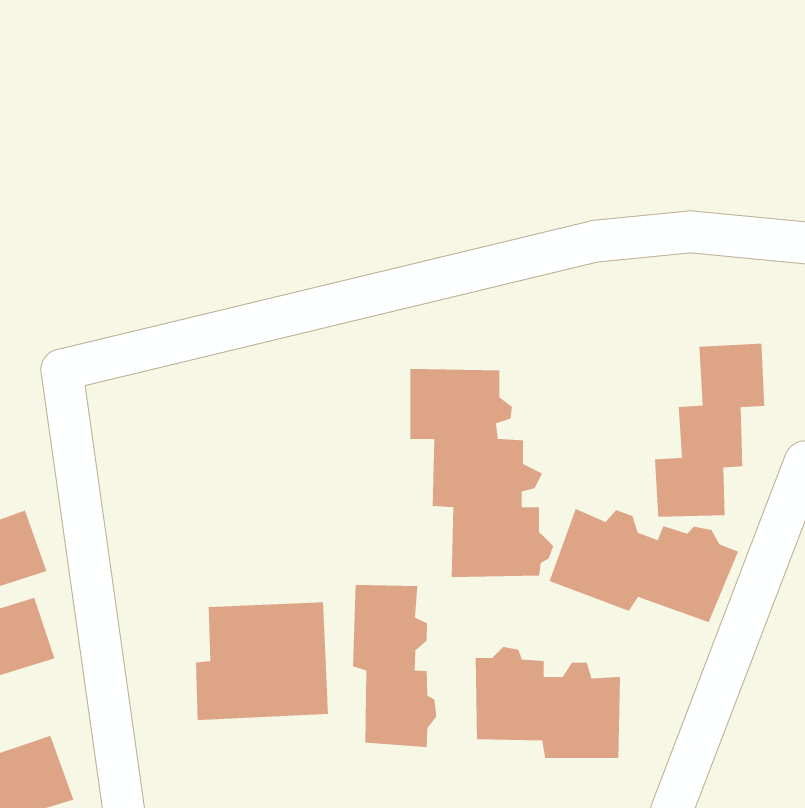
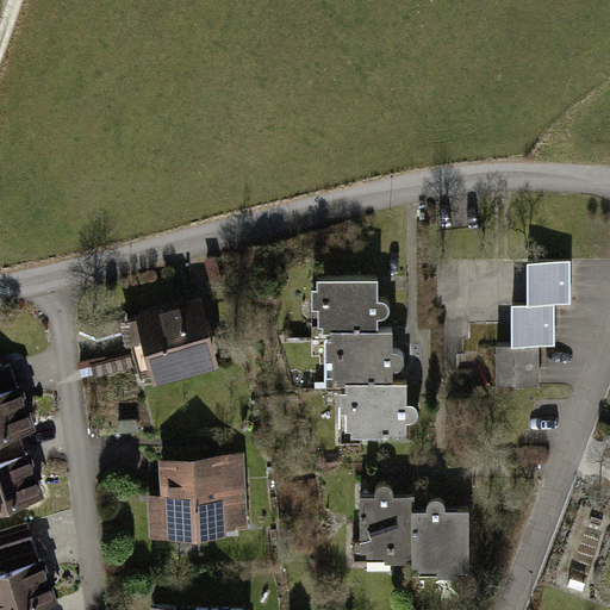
building: none -> [126,298,220,387]
building: [549,508,739,623] -> none
building: [352,584,437,748] -> none

